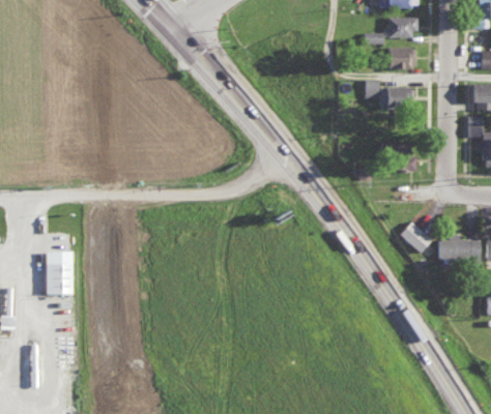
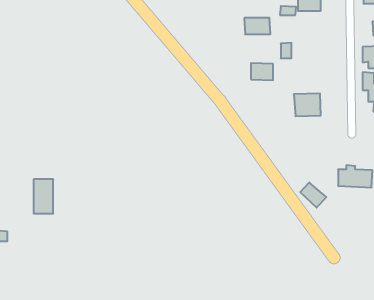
building: [384,48,417,68] -> [244,18,270,34]
building: [386,87,414,109] -> [251,63,273,80]
building: [400,221,433,254] -> [300,182,326,208]

